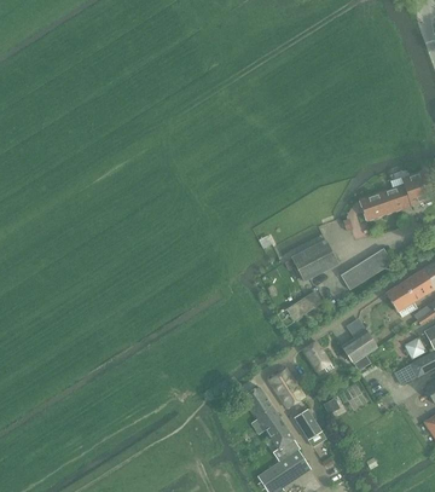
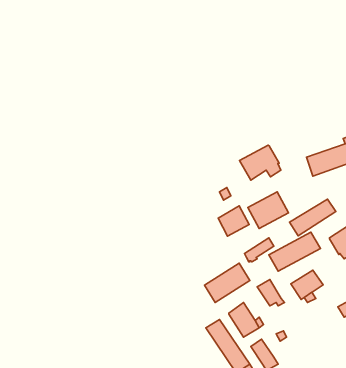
building: none -> [239,145,281,180]
building: none -> [218,206,249,236]
building: none -> [269,232,320,271]
building: none -> [205,263,250,302]

